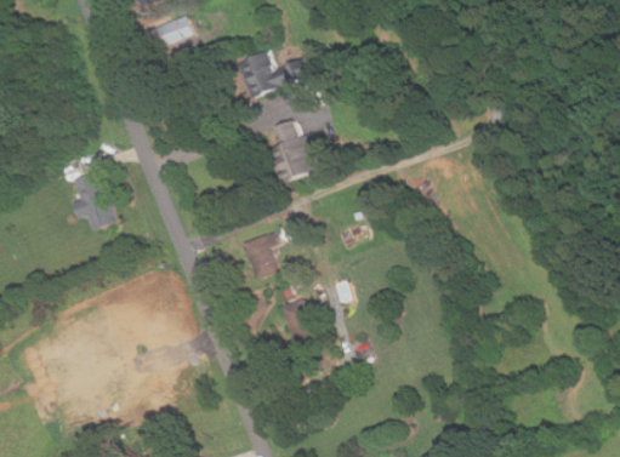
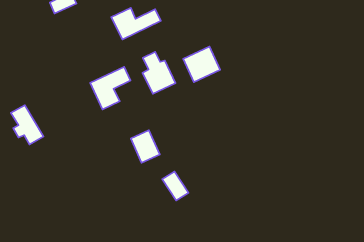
building: none -> [183,47,220,82]
building: none -> [90,67,131,109]

